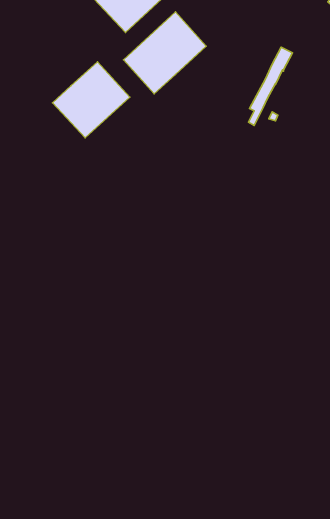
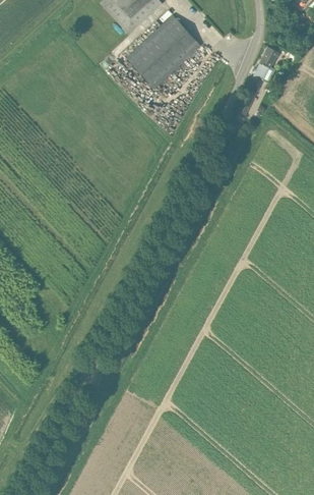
building: [53,62,130,138] -> none

